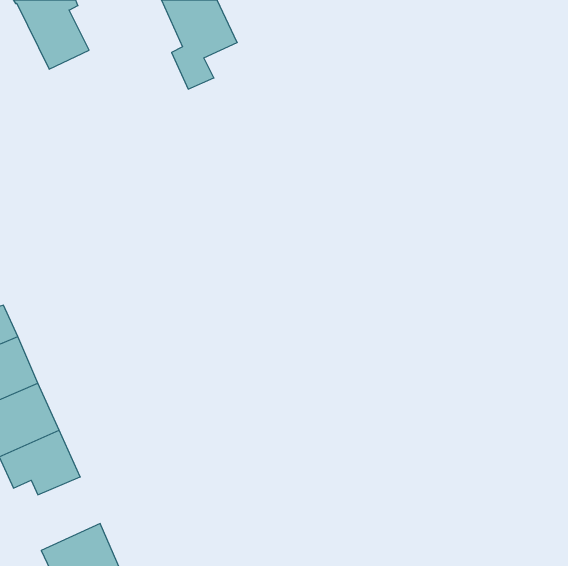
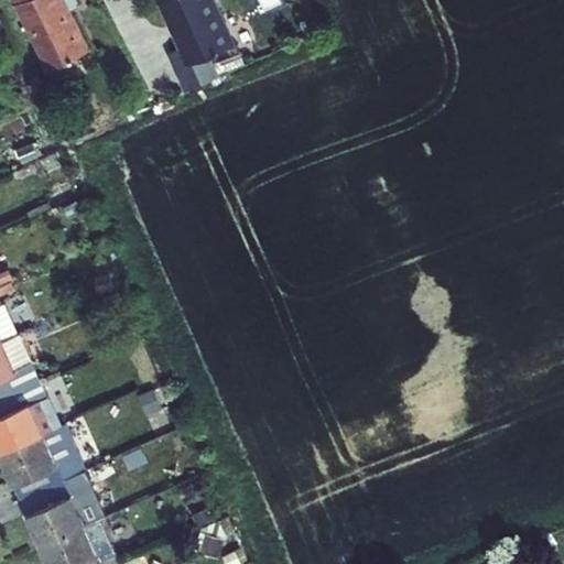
building: none -> [26,473,105,547]

